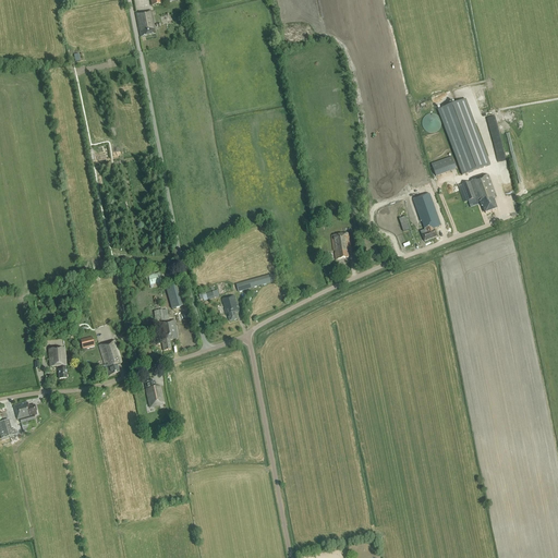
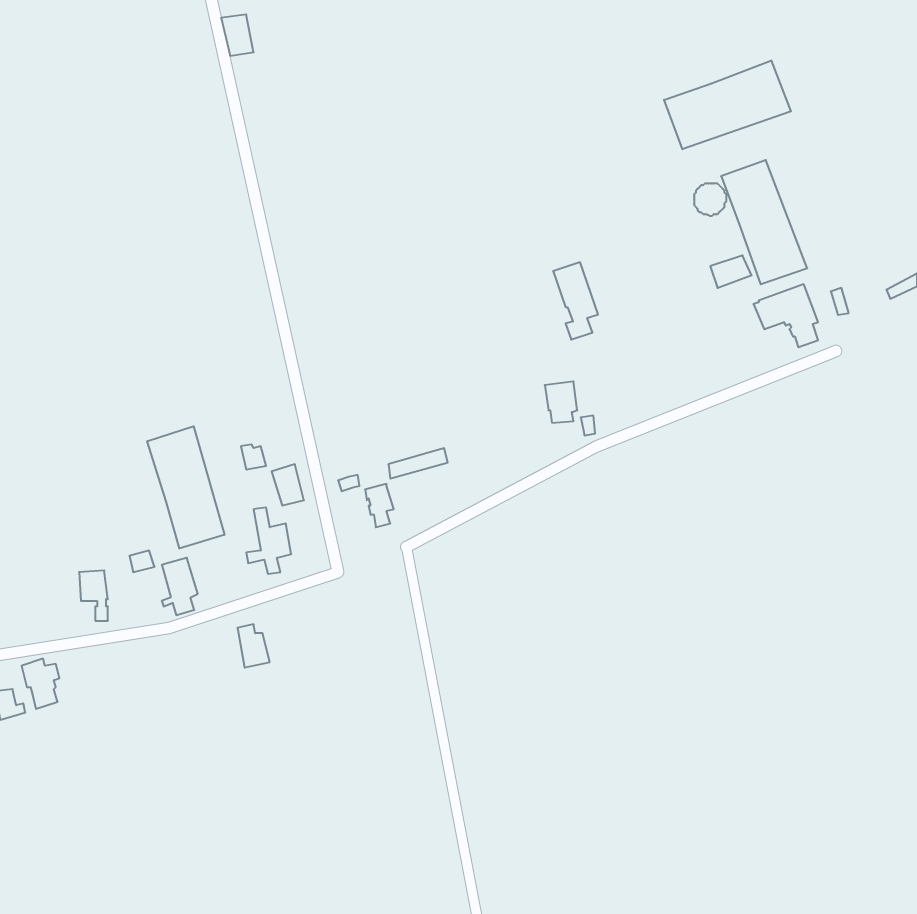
building: none -> [664,60,791,149]
building: [412,192,439,239] -> [553,262,598,340]
building: none -> [147,426,224,549]

